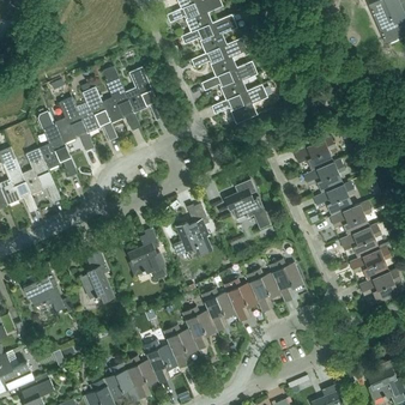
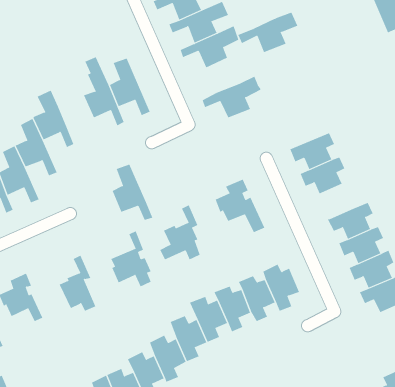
building: [201,61,258,99] -> [238,12,298,53]
building: [79,87,117,140] -> [112,164,153,220]
building: [313,181,355,217] -> none

